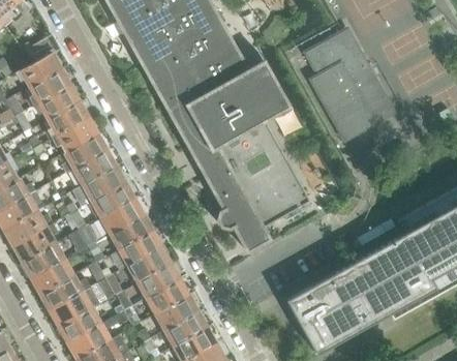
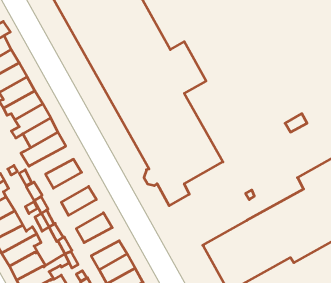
building: [304,28,394,140] -> none
building: [92,182,133,215] -> none
building: [110,213,151,248] -> none
building: [127,245,169,279] -> none
building: [146,278,187,311] -> none

